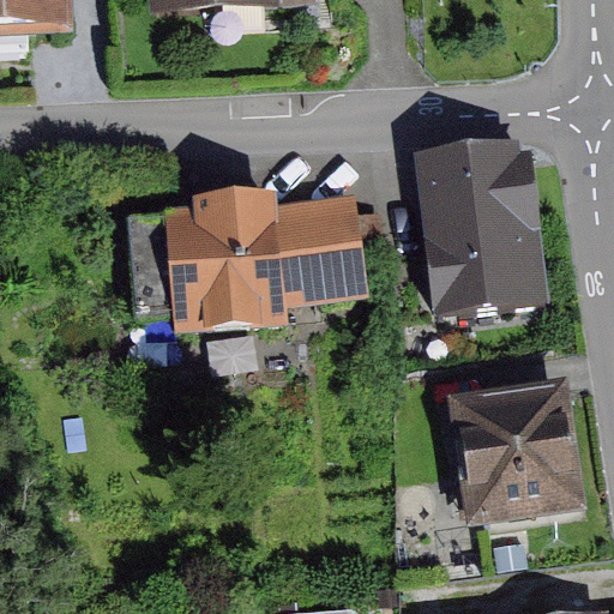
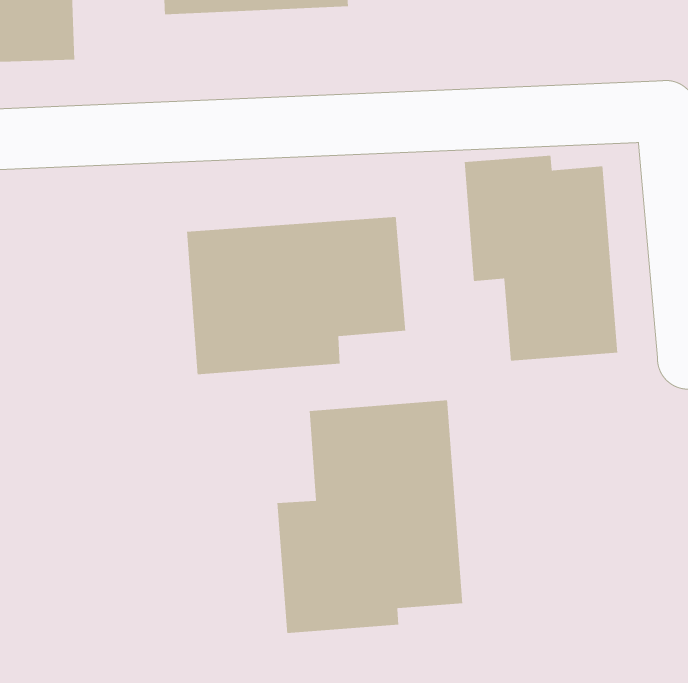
building: none -> [276,399,463,634]
building: [457,383,582,522] -> none

